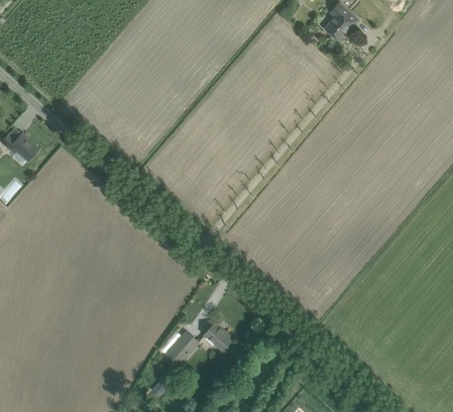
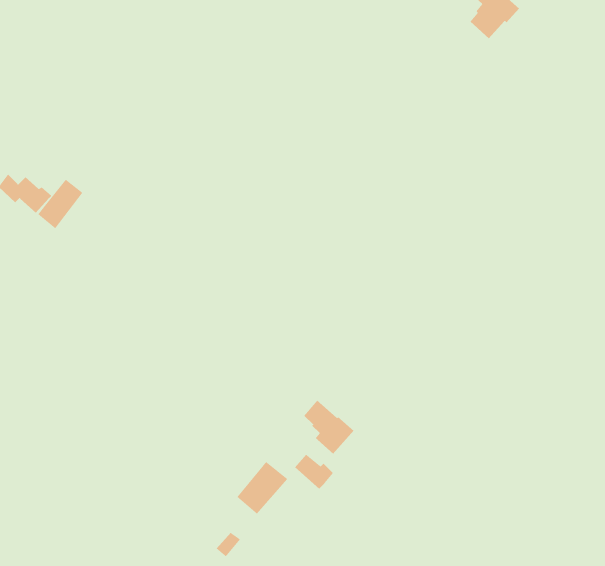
building: none -> [37,179,83,229]
building: none -> [303,400,354,455]

